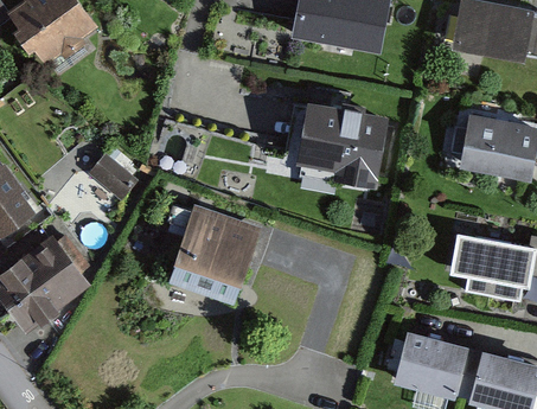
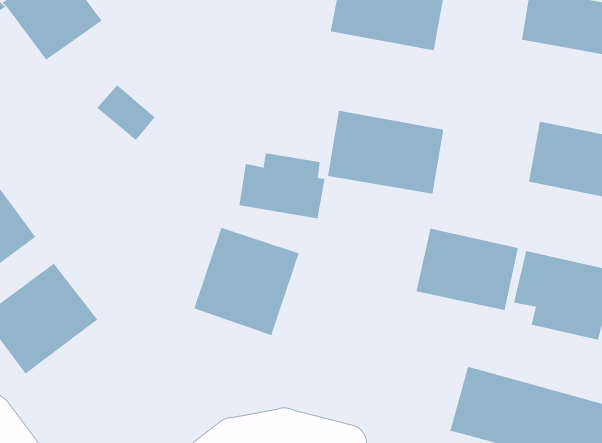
building: none -> [239,152,325,219]
building: [87,153,138,202] -> [96,84,156,141]
building: none -> [416,228,519,311]

